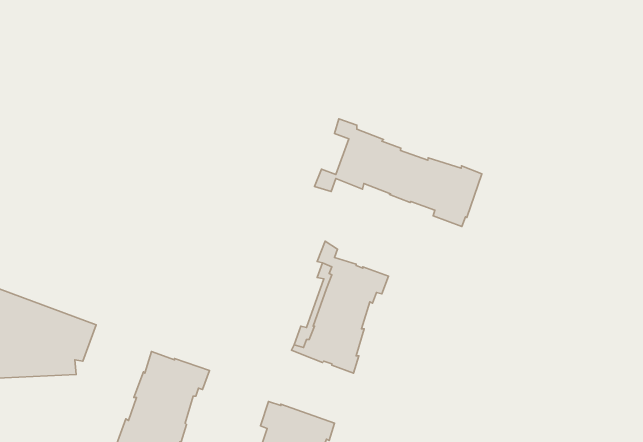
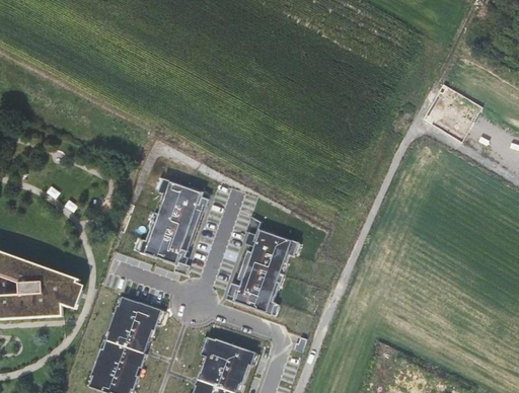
building: [315,119,482,226] -> none
building: none -> [133,177,208,271]

